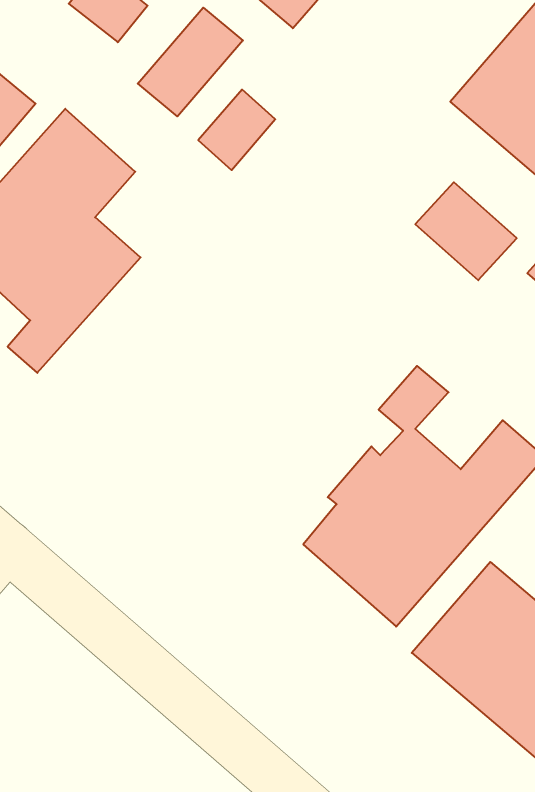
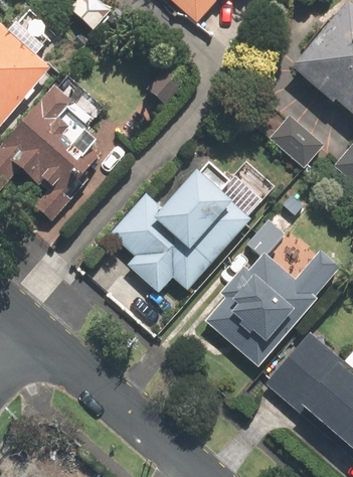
building: [138,8,243,116] -> none
building: none -> [110,159,251,292]

